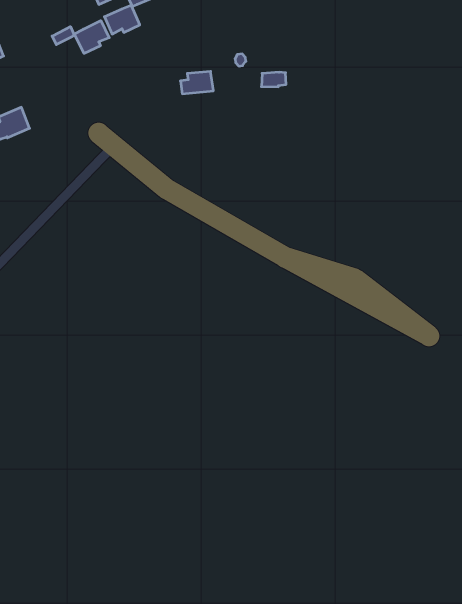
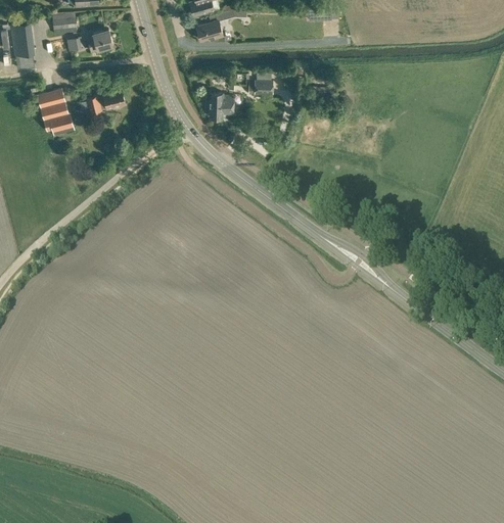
building: [52,21,109,53] -> none
building: none -> [209,92,233,117]

